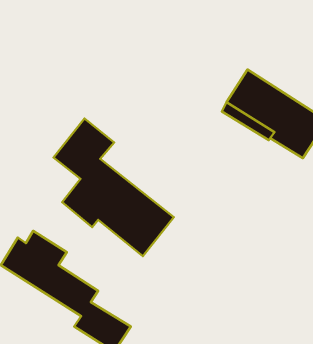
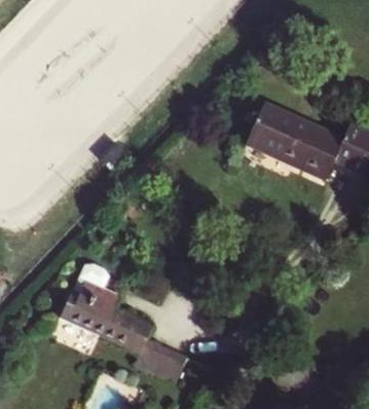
building: [53,118,174,256] -> none

